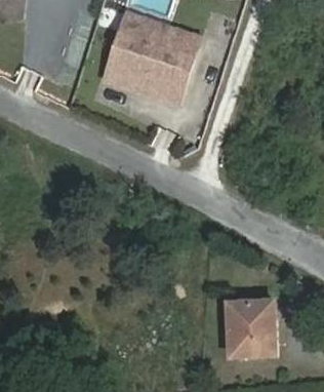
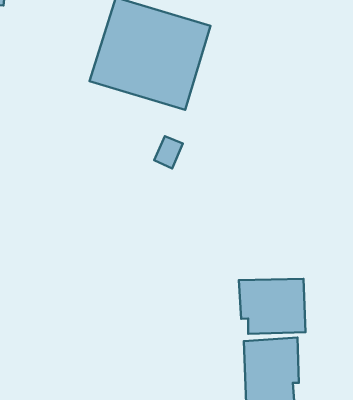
building: none -> [239,279,305,334]

